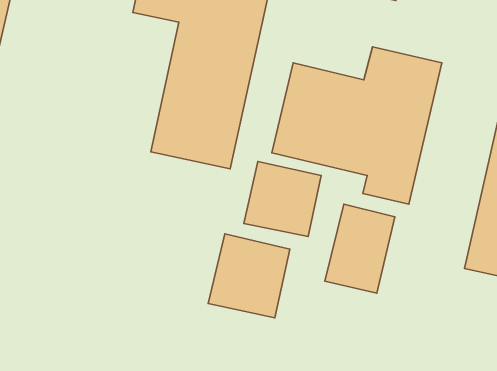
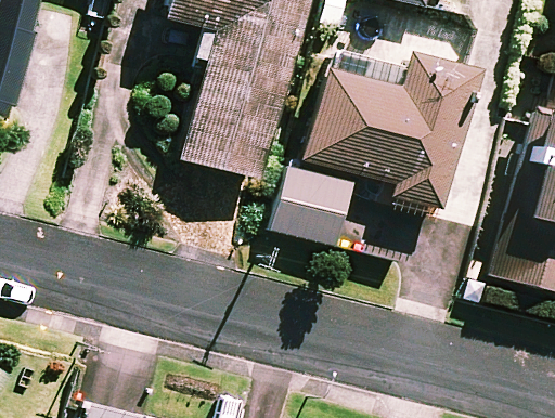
building: [325,204,395,293] -> none
building: [208,234,290,318] -> none

